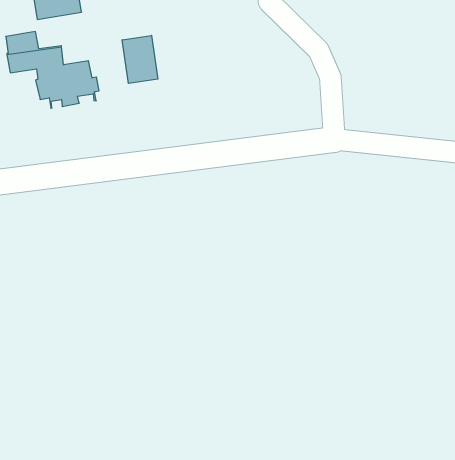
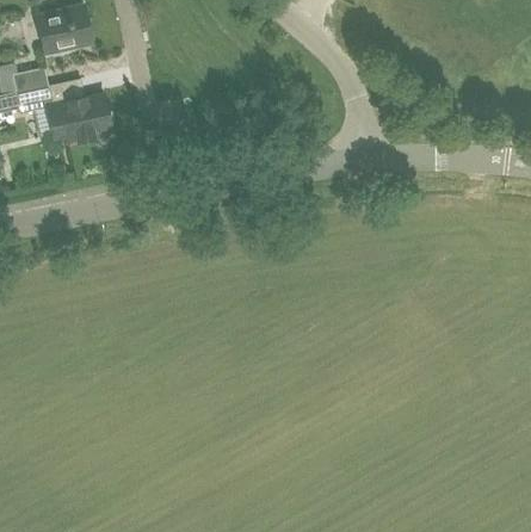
building: [122,35,158,83] -> none

